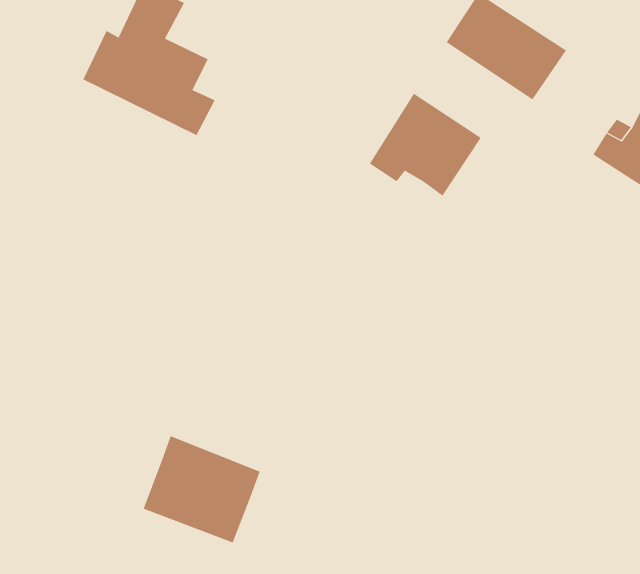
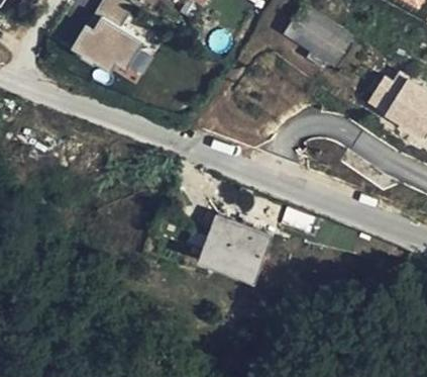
building: [369,93,481,197] -> none
building: [143,436,260,543] -> [200,215,270,279]

